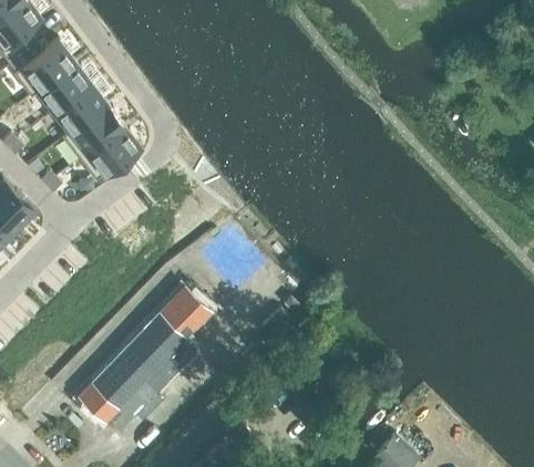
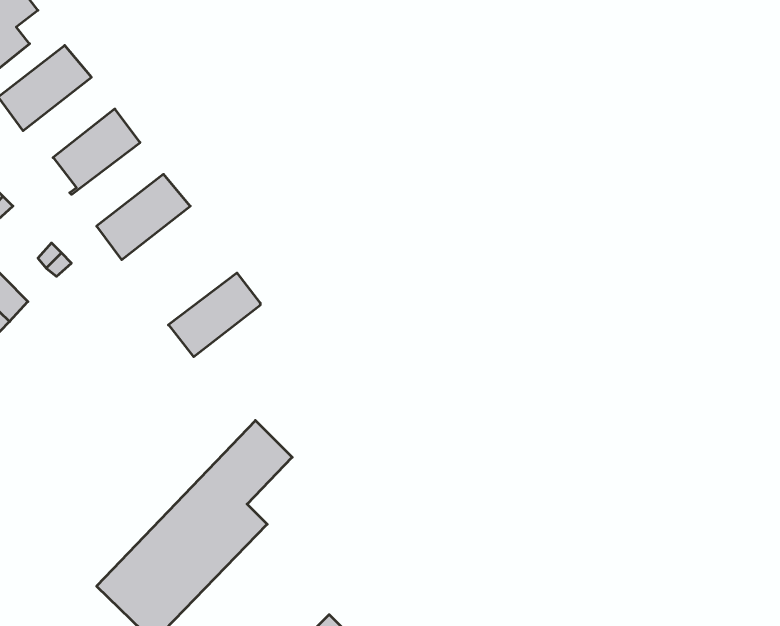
building: [30,60,91,113] -> none
building: [62,103,123,158] -> [168,273,260,357]

